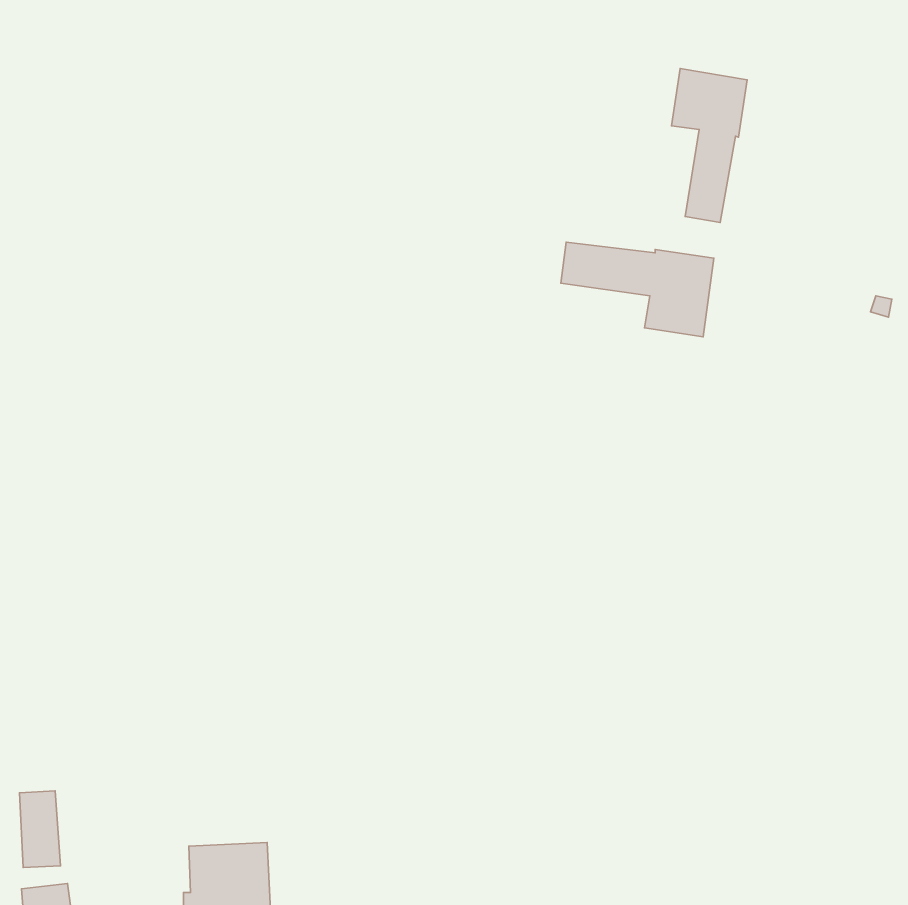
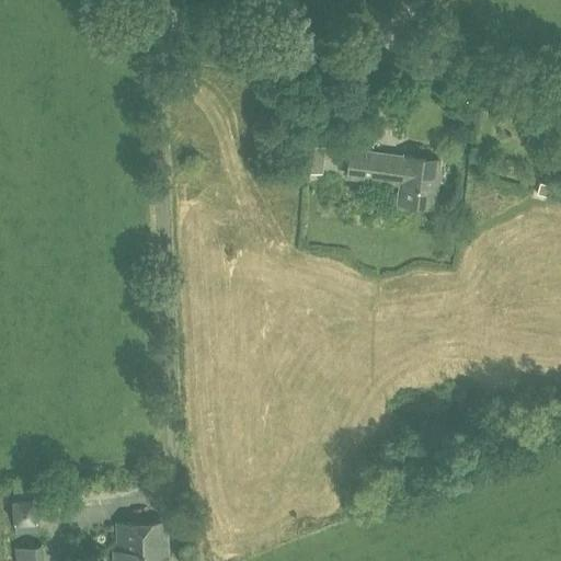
building: [672,68,747,223] -> none

